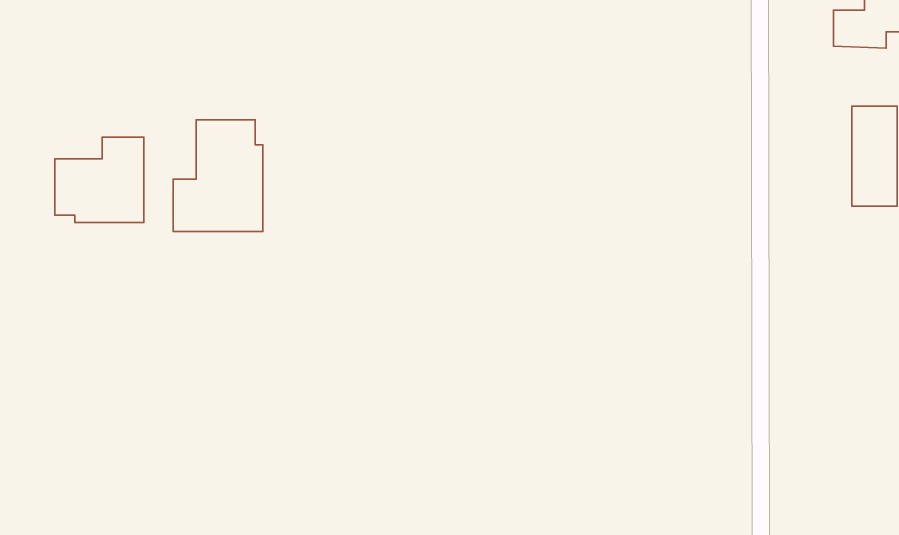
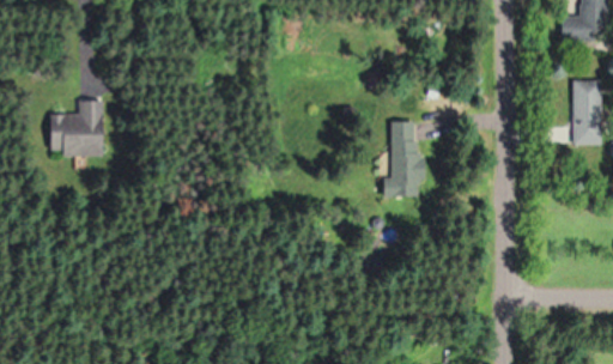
building: [173,120,263,232] -> none
building: none -> [388,121,417,196]

